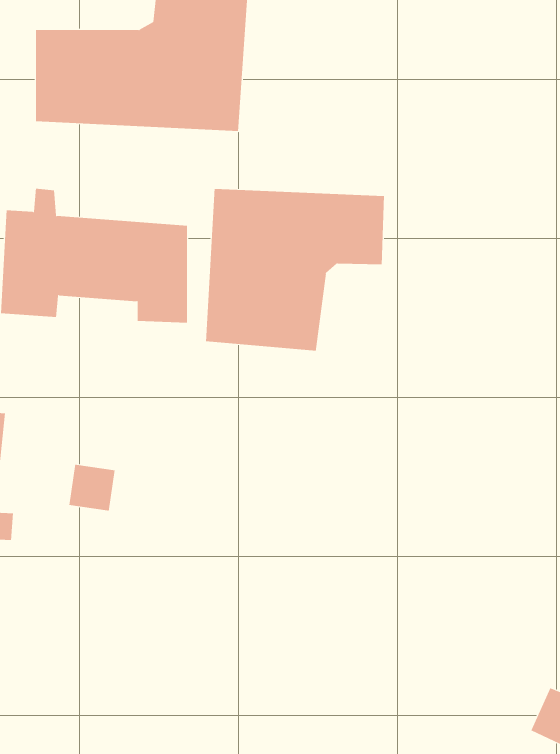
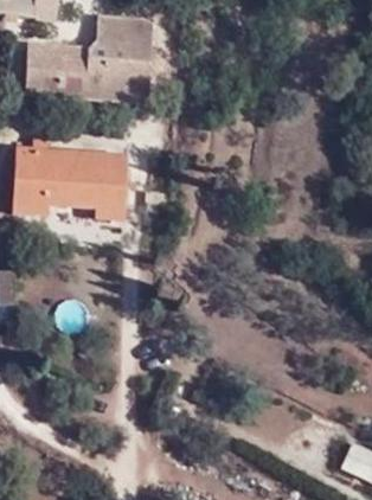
building: [206,188,384,351] -> none

